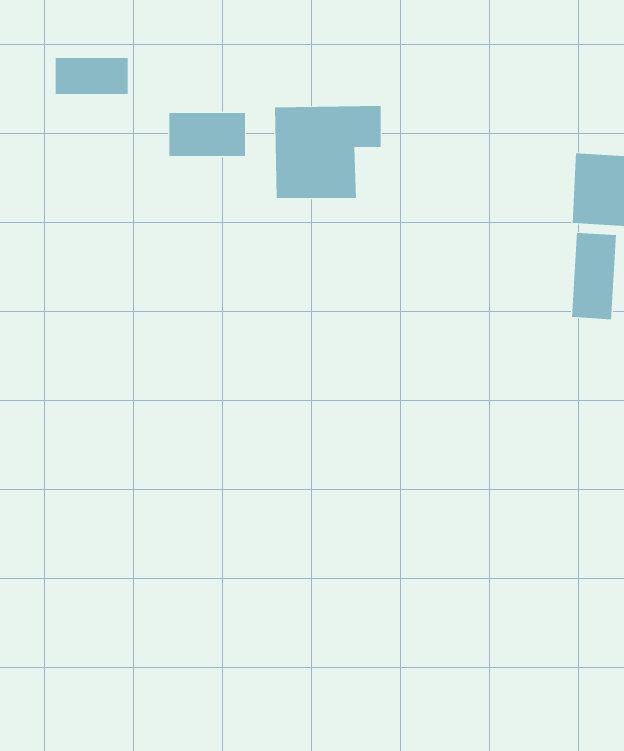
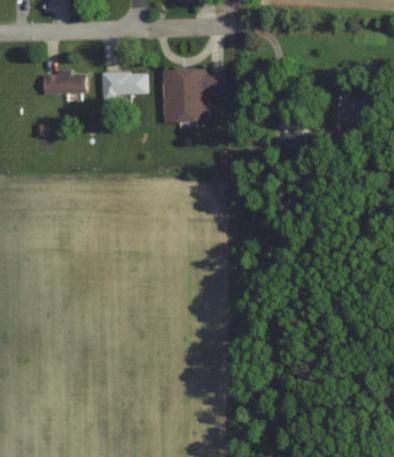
building: [55,57,129,94] -> [42,72,84,93]
building: [571,232,617,320] -> none

